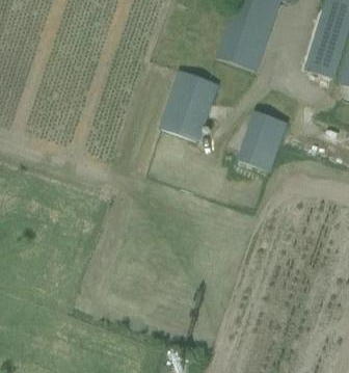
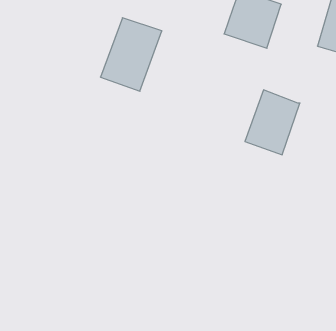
building: [160,71,218,140] -> [100,18,162,91]

